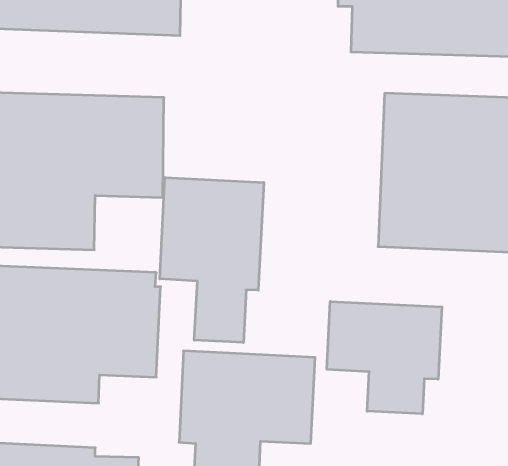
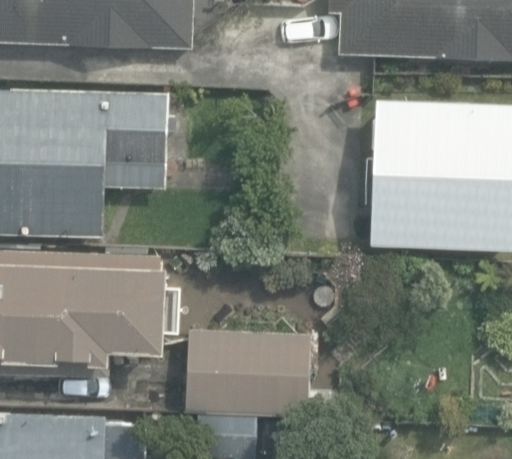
building: [160,177,264,343] -> none
building: [327,301,442,414] -> none

